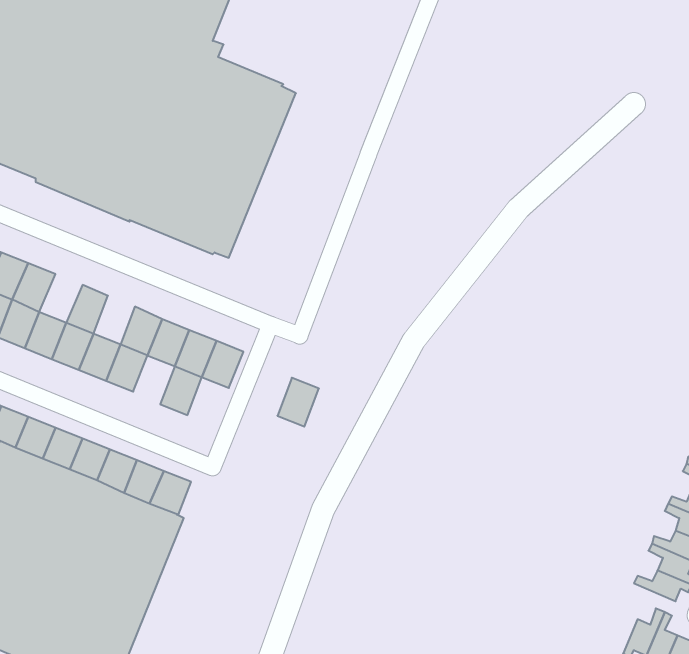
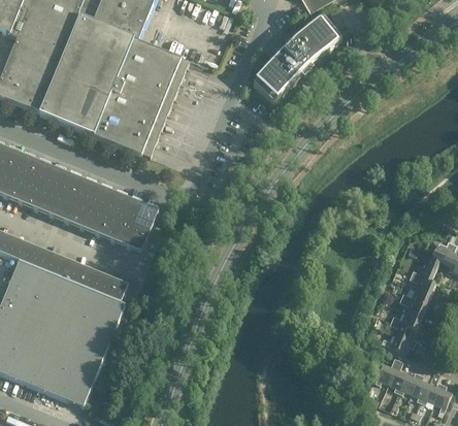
building: none -> [252,18,341,103]
building: none -> [41,166,66,194]
building: none -> [72,178,96,206]
building: none -> [95,212,119,240]
building: [277,378,319,427] -> [126,225,150,253]

